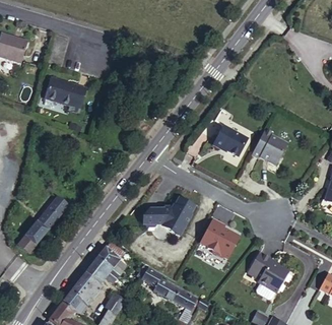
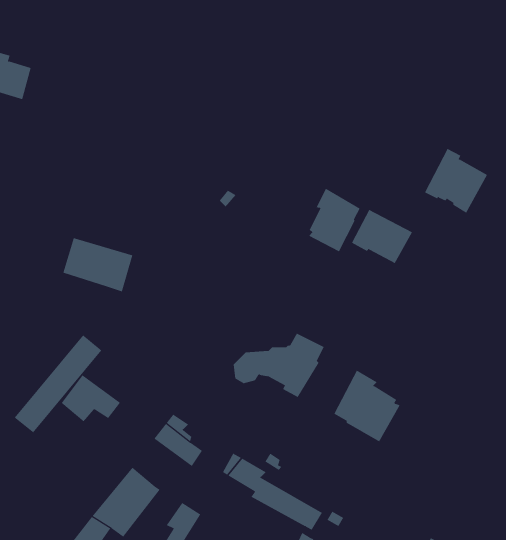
building: [47,77,87,109] -> [63,237,133,292]
building: none -> [308,188,361,252]
building: [252,128,288,166] -> [424,148,488,214]
building: [247,253,287,301] -> none
building: [86,257,121,284] -> [61,375,121,422]

